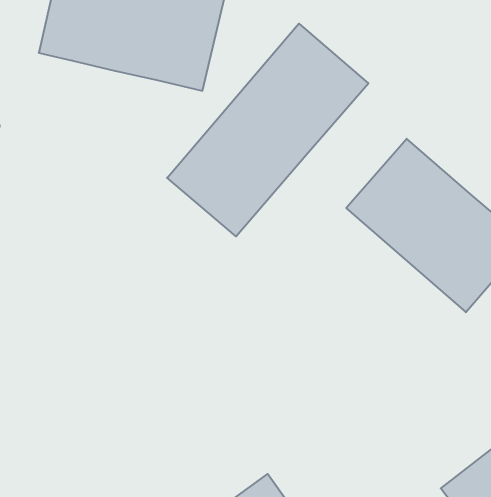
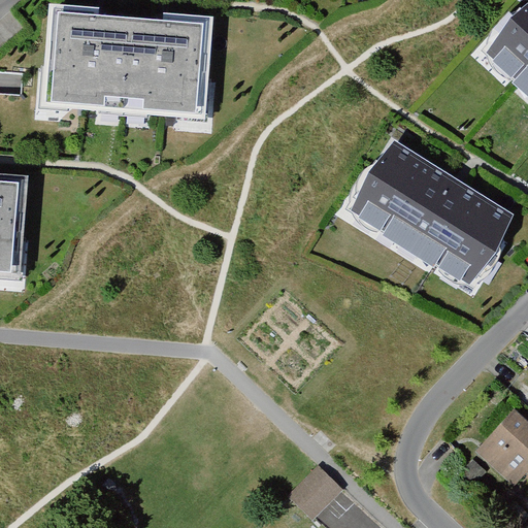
building: [167,24,368,236] -> none

